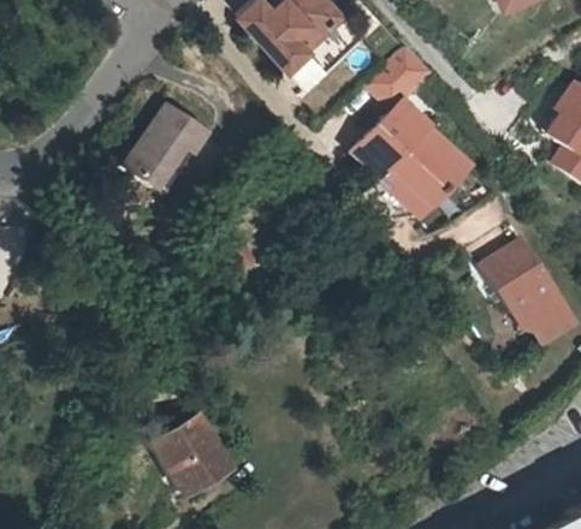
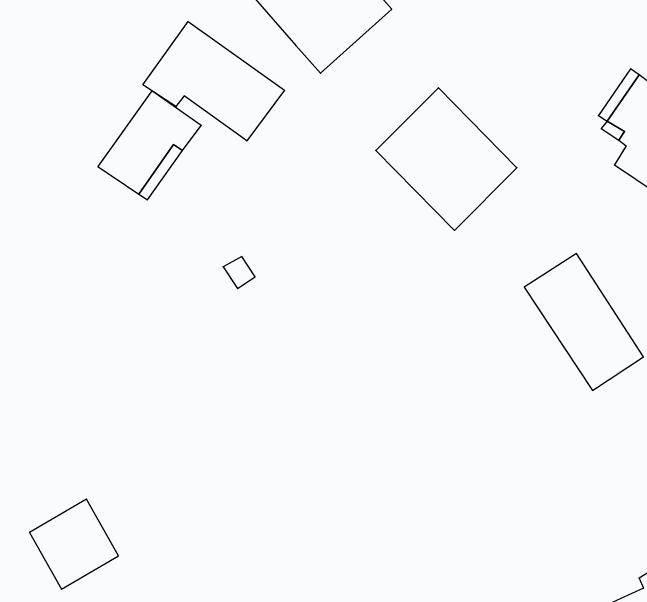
building: none -> [143,22,285,141]
building: [368,44,431,107] -> none
building: [153,414,226,488] -> [30,499,118,589]

